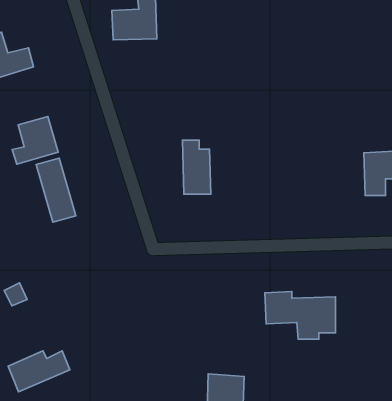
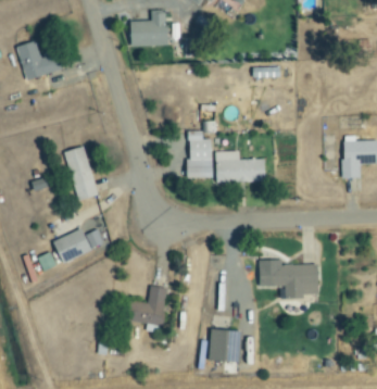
building: [12,116,58,164] -> none
building: none -> [215,150,265,181]
building: none -> [127,285,168,325]
building: [8,351,70,392] -> [52,228,104,263]

